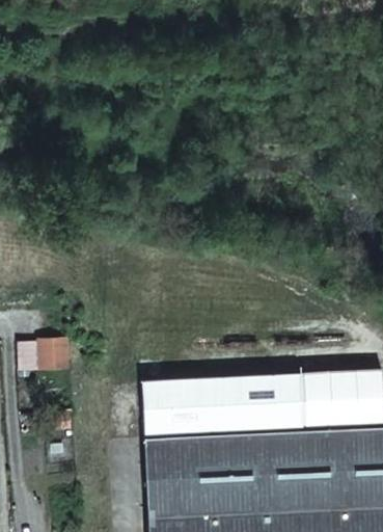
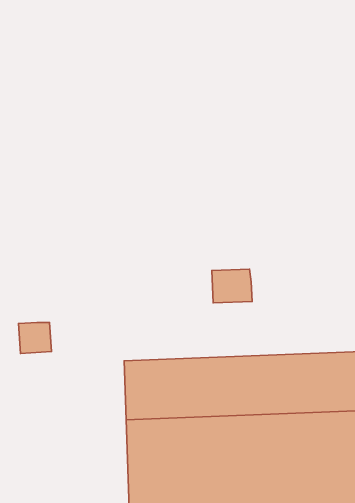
building: none -> [212,269,252,303]

